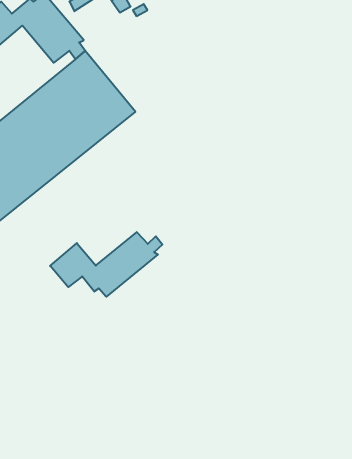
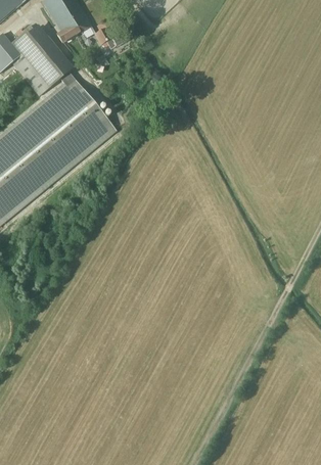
building: [50,232,162,297] -> none

